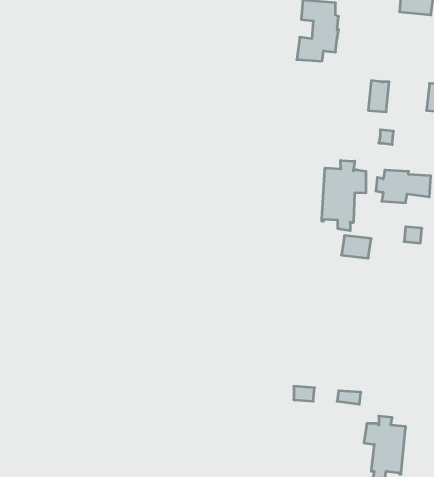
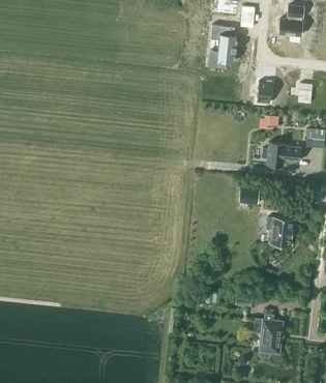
building: [322,160,366,231] -> none
building: none -> [267,216,294,246]

